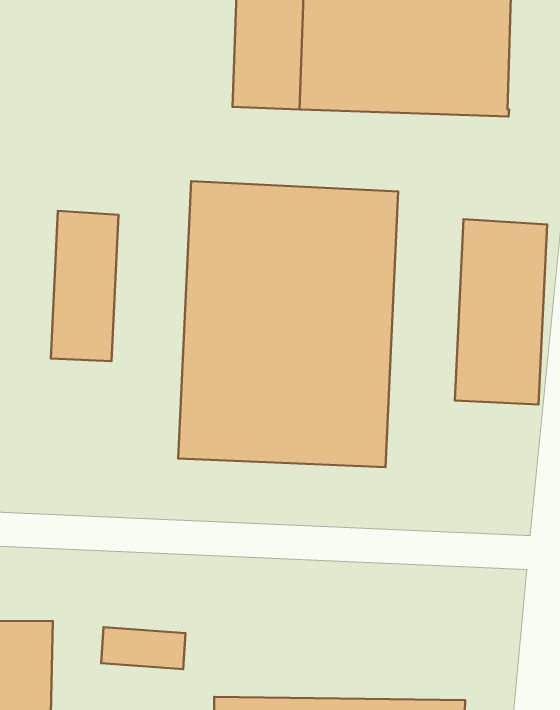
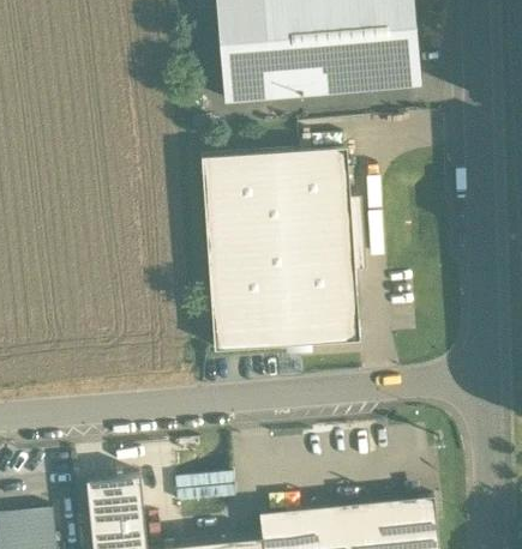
building: [51,211,119,361] -> none
building: [455,219,547,404] -> none

